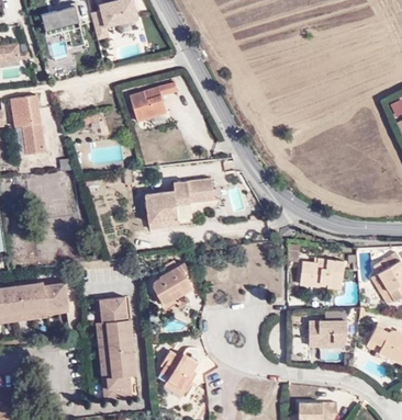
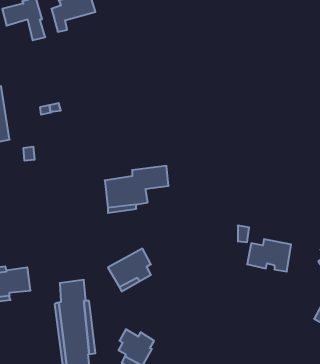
building: [131,81,178,121] -> none
building: [310,323,347,353] -> none

